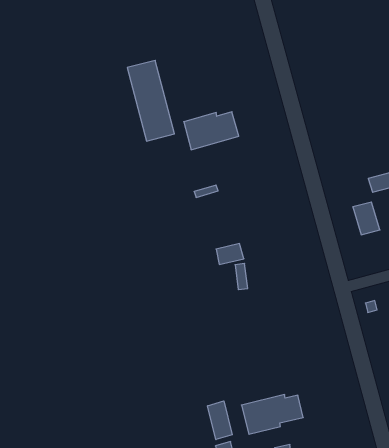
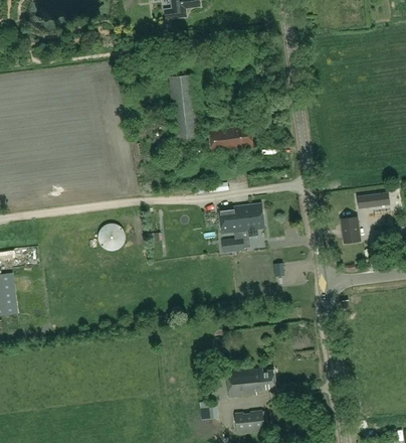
building: none -> [218,202,265,236]
building: none -> [97,223,126,252]
building: [208,401,232,440] -> none

